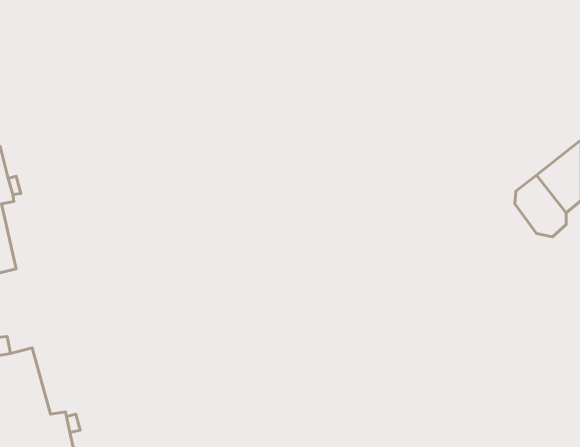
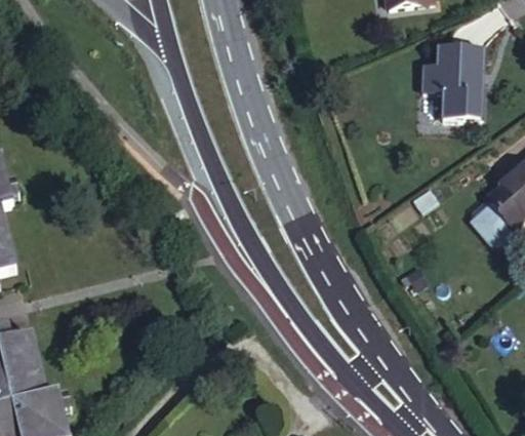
building: none -> [420,44,484,116]

